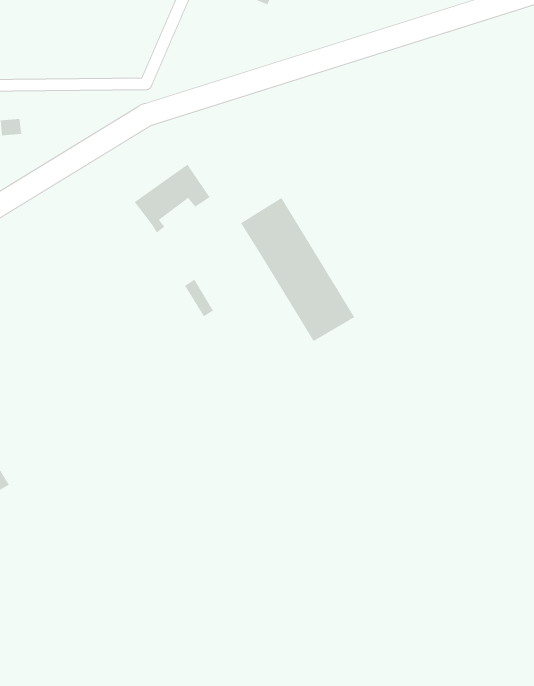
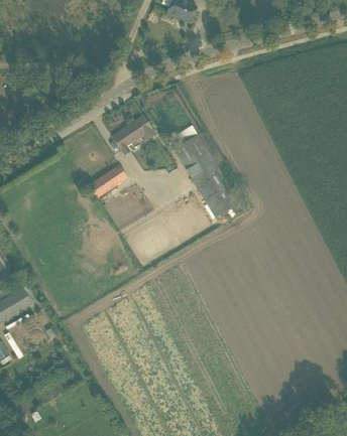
building: none -> [89,164,127,196]

